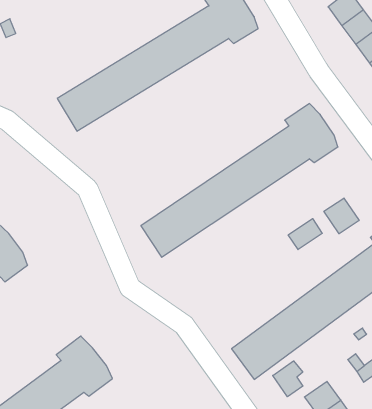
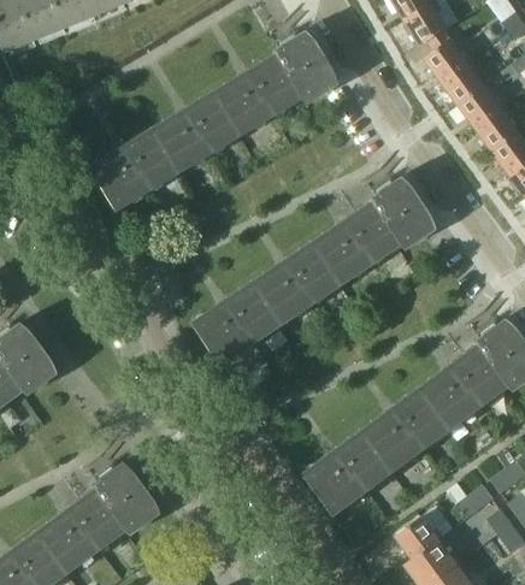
building: [324,198,359,234] -> none
building: [288,219,322,250] -> none
building: [273,361,303,397] -> none

